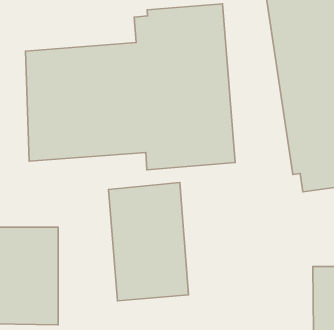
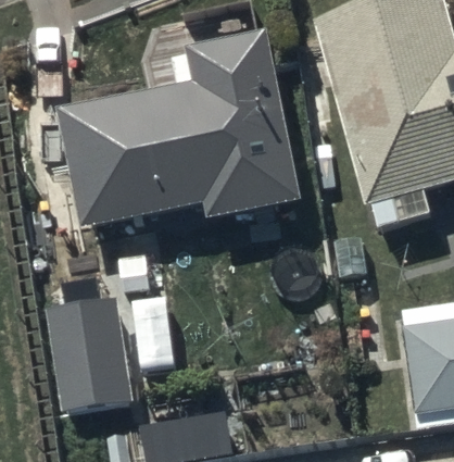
building: [109,183,189,301] -> none

